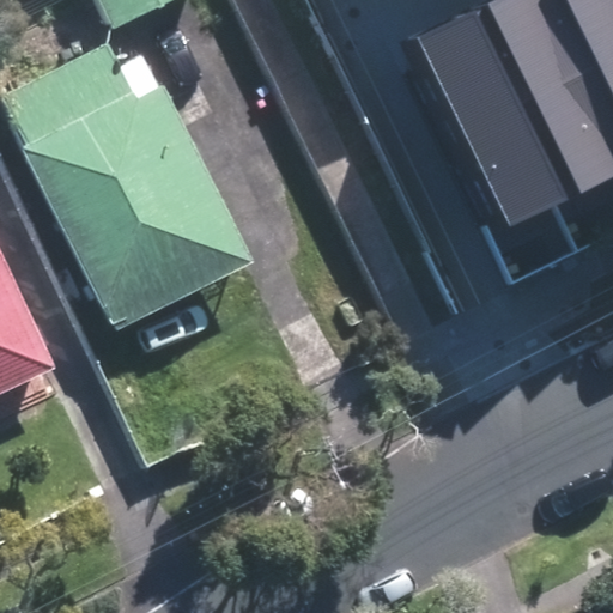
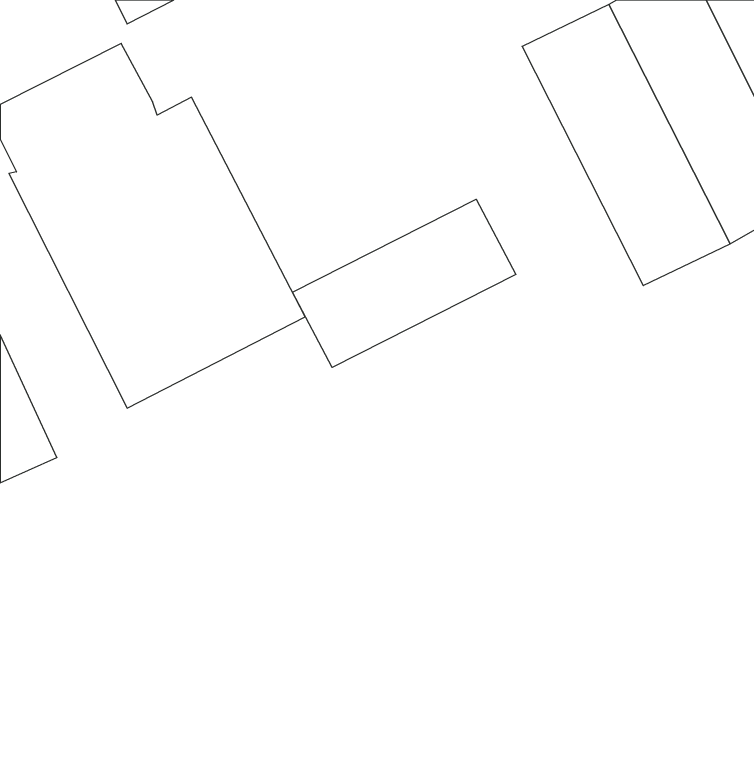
building: none -> [292,199,516,367]

